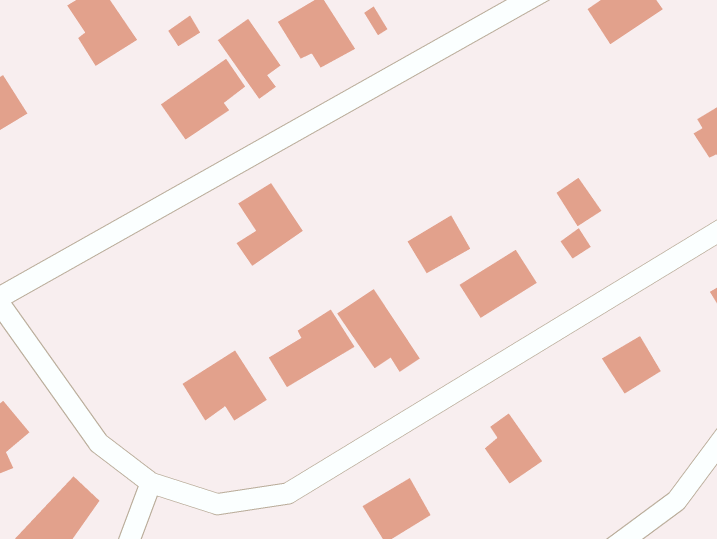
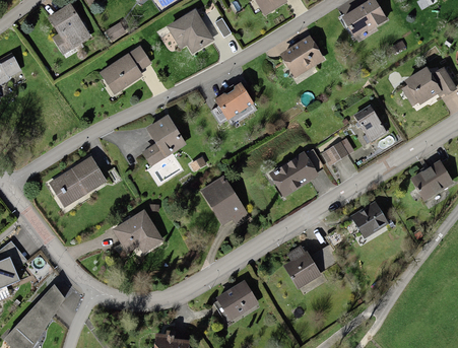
building: [217,18,282,100] -> none
building: none -> [279,38,322,78]
building: [556,177,602,227] -> [358,113,385,141]
building: [406,215,471,274] -> [214,85,251,119]
building: none -> [51,158,104,205]
building: [268,309,355,388] -> none

